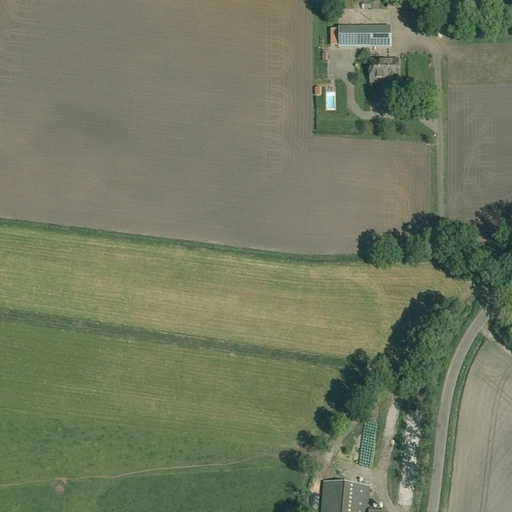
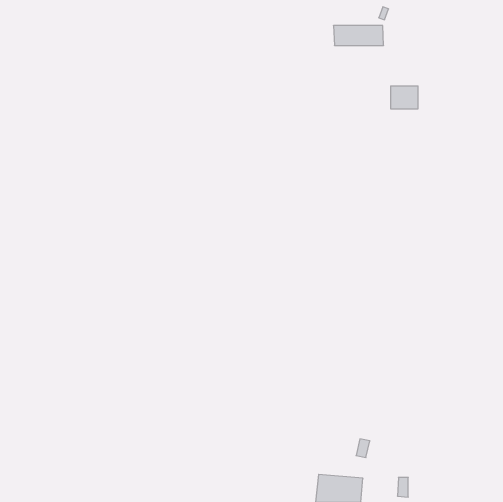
building: [369,58,397,81] -> [391,86,418,109]

